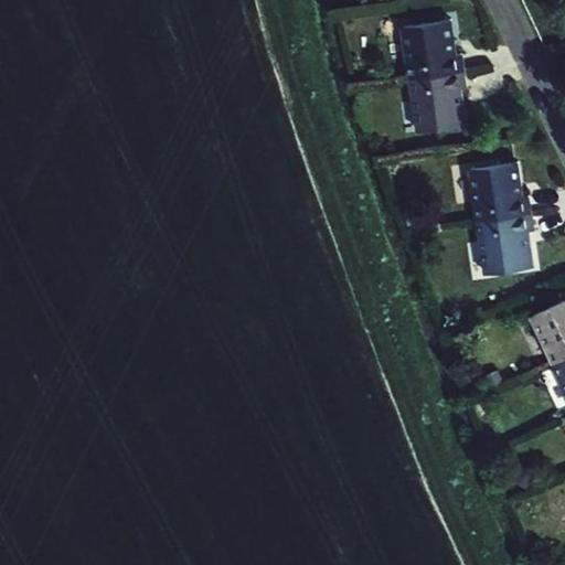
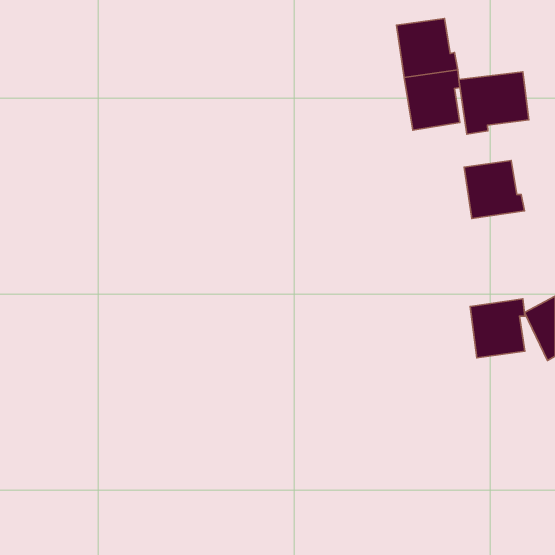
building: none -> [459,72,529,134]
building: [477,216,532,276] -> [470,299,525,358]

